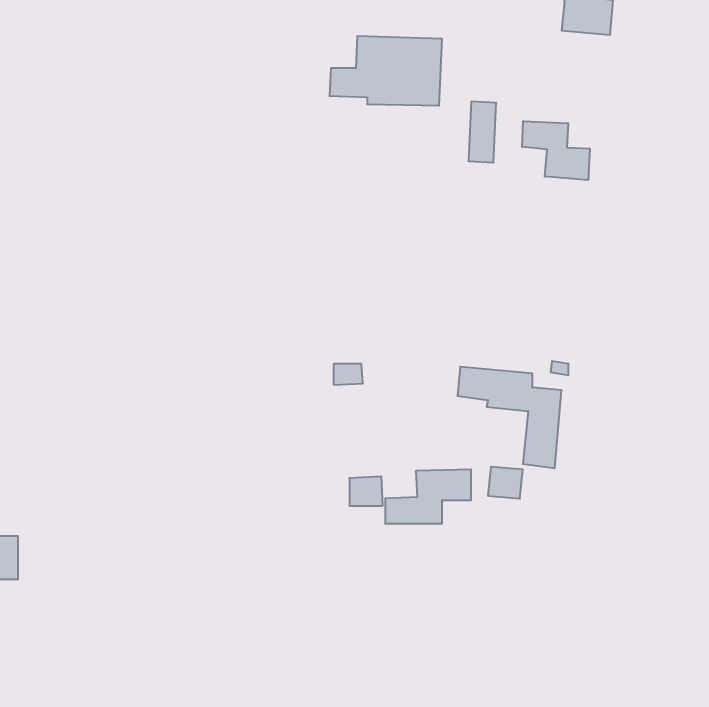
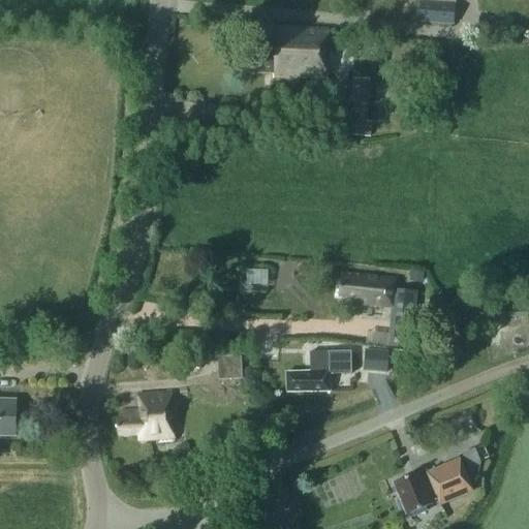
building: [522,121,590,180] -> none
building: [349,477,383,506] -> [217,354,242,376]
building: none -> [114,391,173,439]
building: none -> [393,458,472,514]

